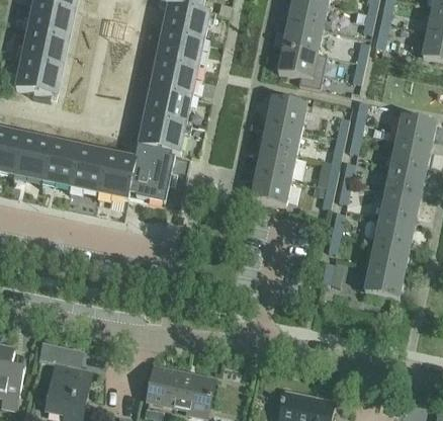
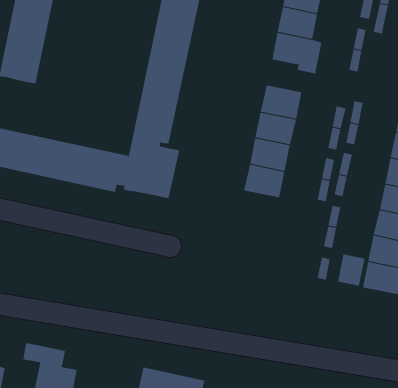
building: none -> [337,254,365,287]

